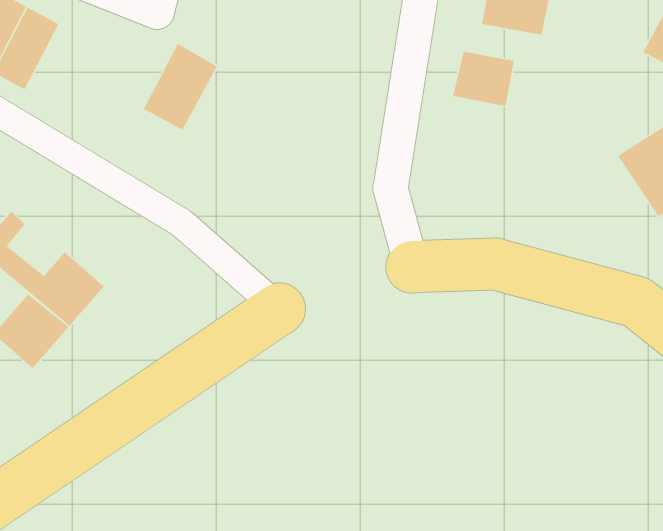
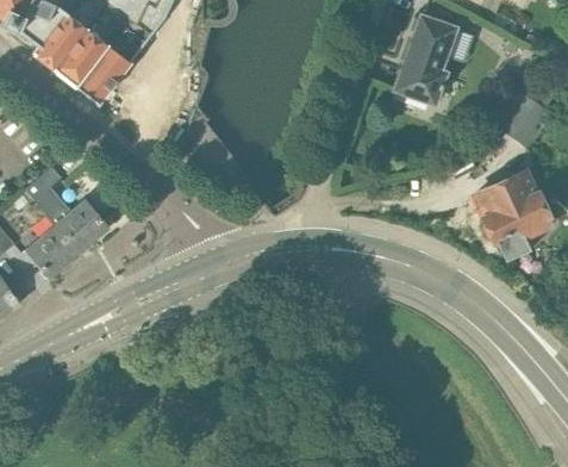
building: [143,43,218,131] -> [75,43,131,104]
building: [452,51,515,107] -> none

